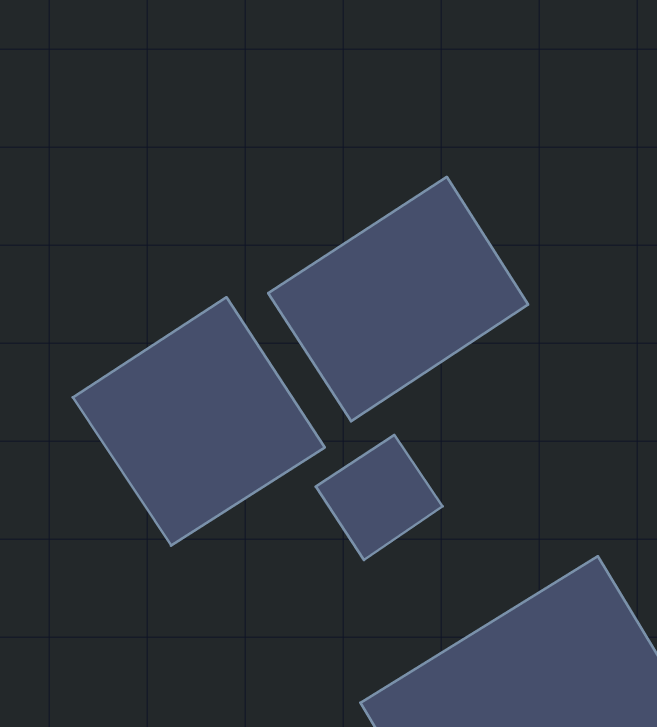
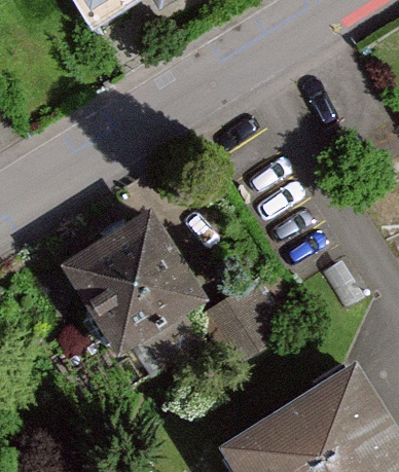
building: [268,177,528,421] -> none

